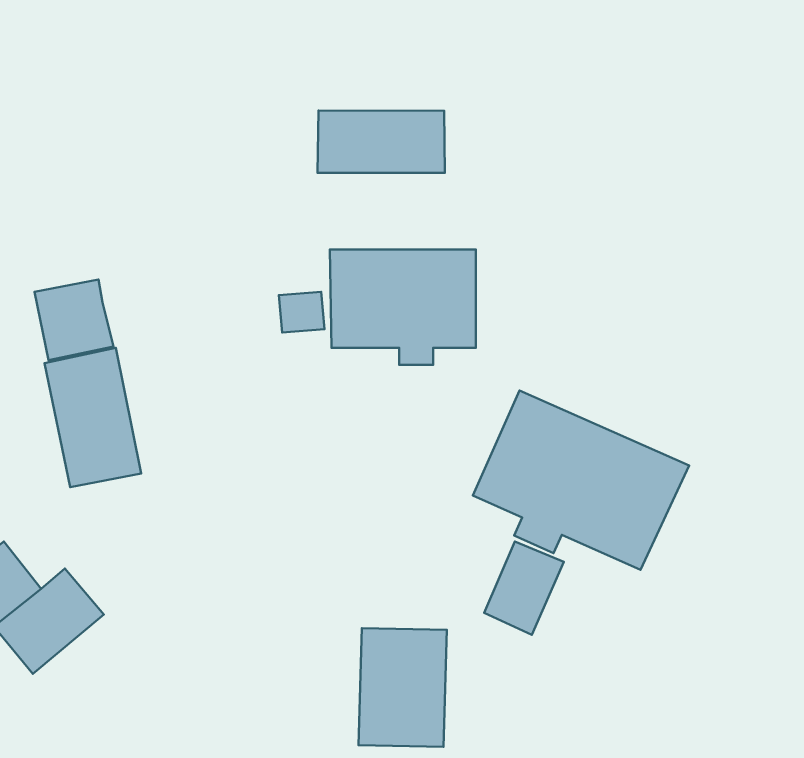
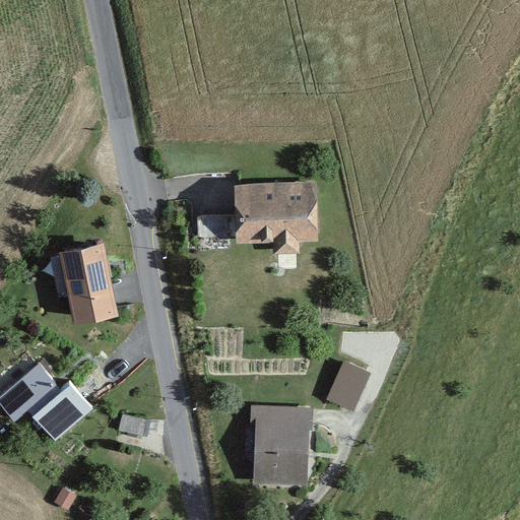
building: [318,111,445,173] -> none
building: [35,279,113,360] -> none
building: [473,390,689,570] -> none

